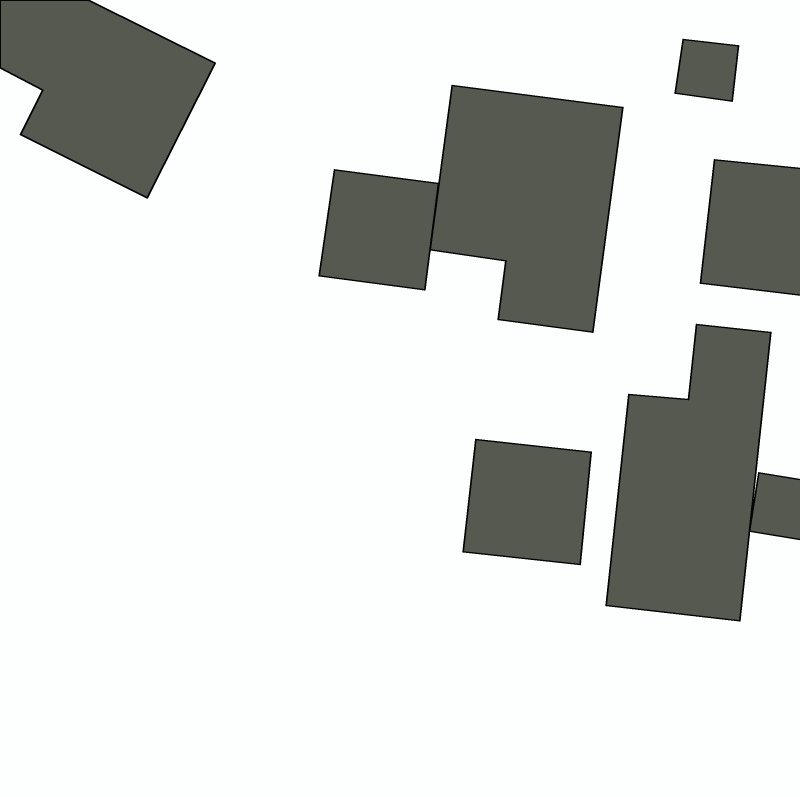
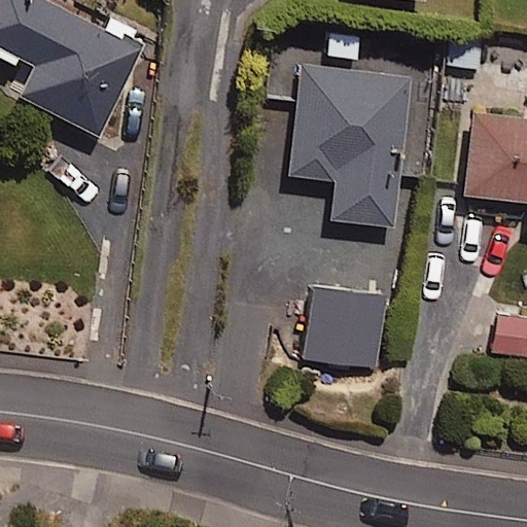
building: [319,170,439,290] -> none
building: [606,324,771,621] -> none

